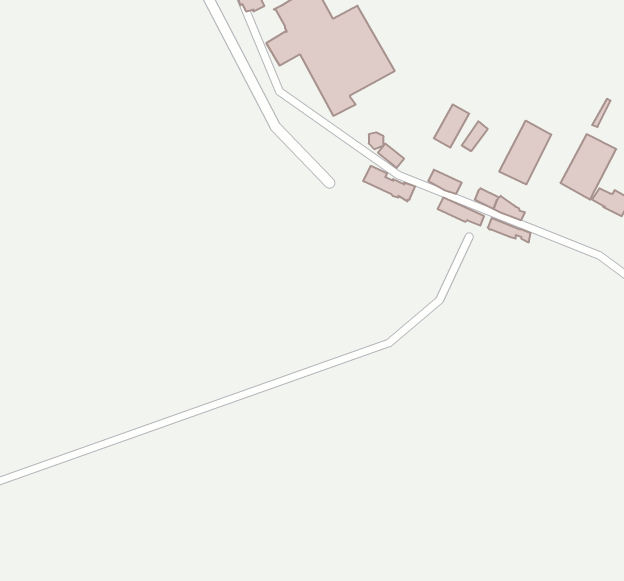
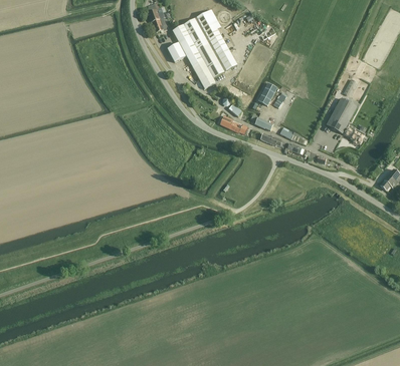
building: [499,121,551,184] -> none

